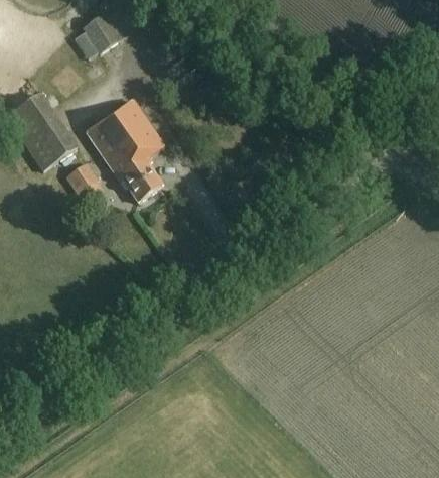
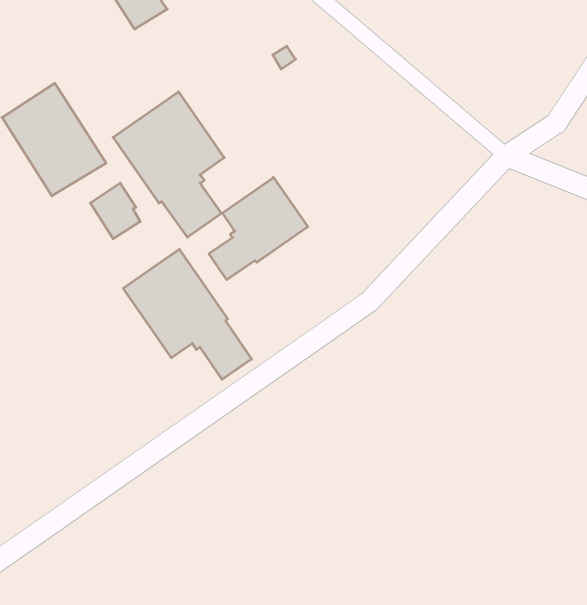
building: none -> [209,177,308,280]
building: none -> [123,249,252,379]

